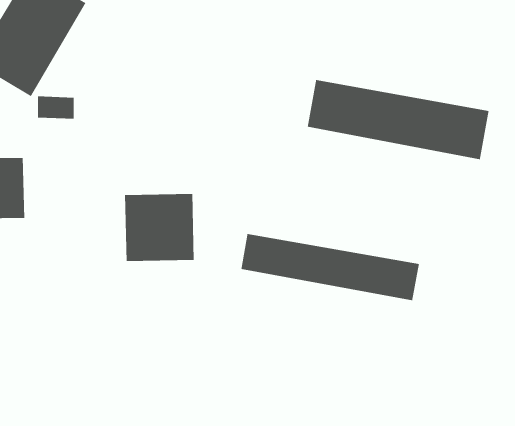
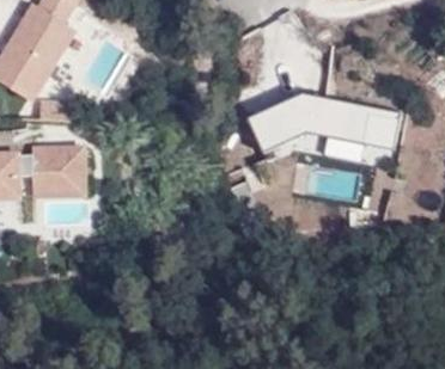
building: [124,193,195,262] -> [32,143,89,198]
building: [241,233,420,301] -> none

